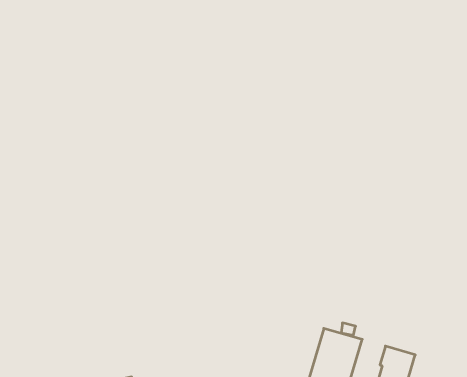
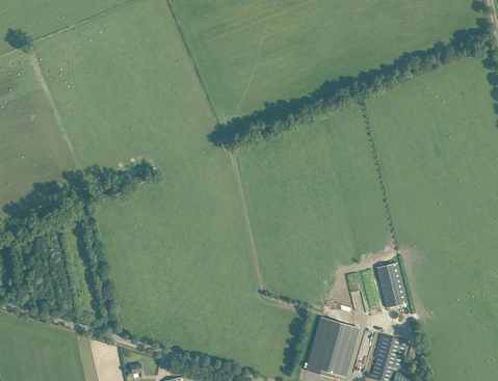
building: none -> [375,263,405,308]

